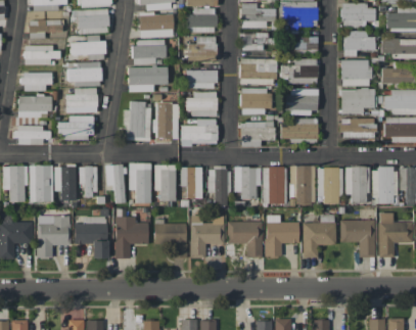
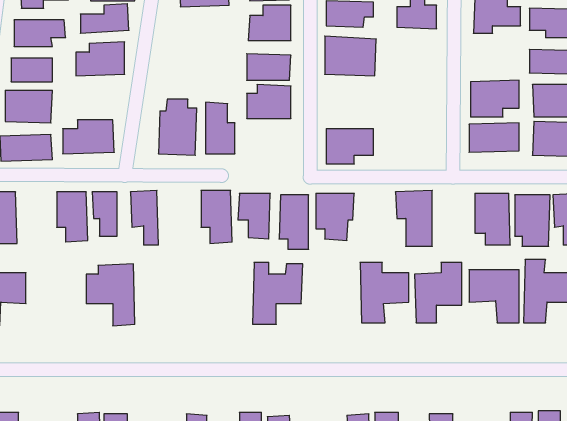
building: [128,40,168,91] -> none
building: [280,58,318,84] -> none
building: [341,59,371,86] -> none
building: [66,88,97,112] -> none
building: [240,88,270,112] -> none
building: [286,88,318,113] -> none
building: [281,117,318,142] -> none
building: [181,119,217,144] -> none
building: [129,162,151,203] -> none
building: [29,164,52,201] -> none
building: [262,167,286,203] -> none
building: [317,168,341,203] -> none
building: [36,215,71,256] -> none
building: [114,216,148,257] -> none
building: [227,221,262,257] -> none
building: [154,223,187,257] -> none

